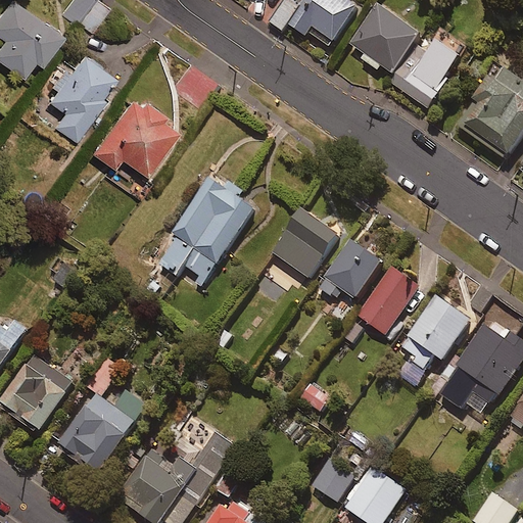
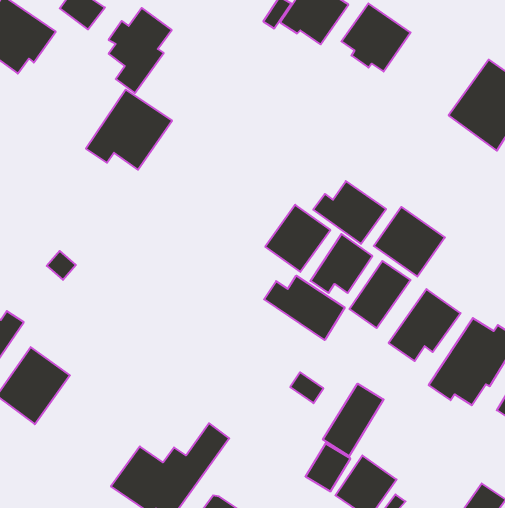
building: [390,29,464,109] -> none
building: [46,52,110,139] -> [109,8,172,93]
building: [157,175,255,280] -> none
building: none -> [313,181,386,244]
building: none -> [374,207,445,277]
building: none -> [264,276,345,340]
building: [56,389,146,475] -> none
building: none -> [323,384,384,456]

